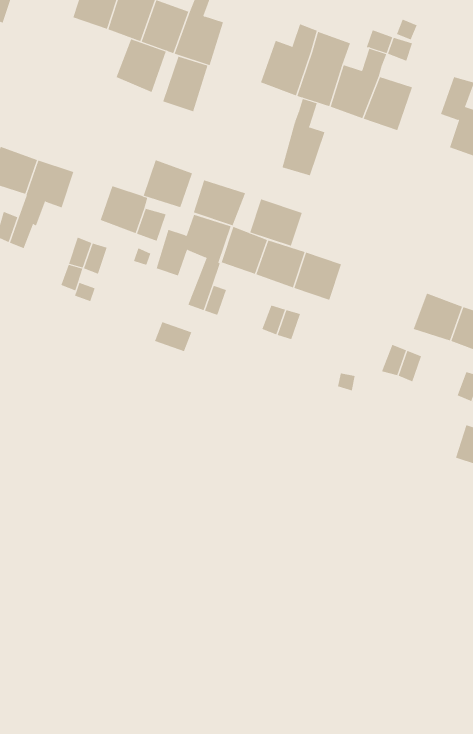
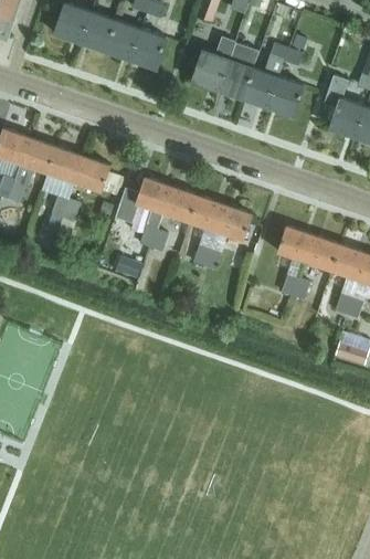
building: [116,38,167,93] -> none
building: [162,56,208,112] -> none
building: [282,98,325,176] -> none
building: [143,159,193,208] -> [47,147,84,182]
building: [193,180,246,226] -> none
building: [250,199,303,247] -> none
building: none -> [277,226,314,262]

